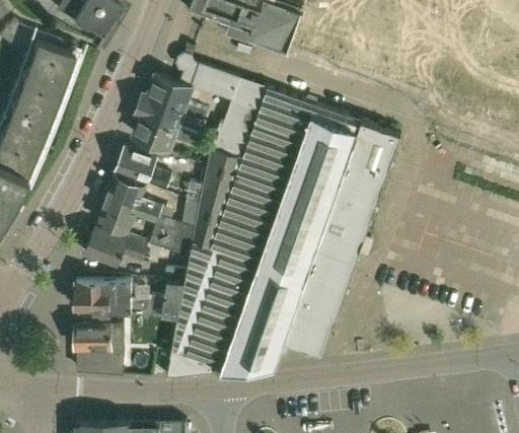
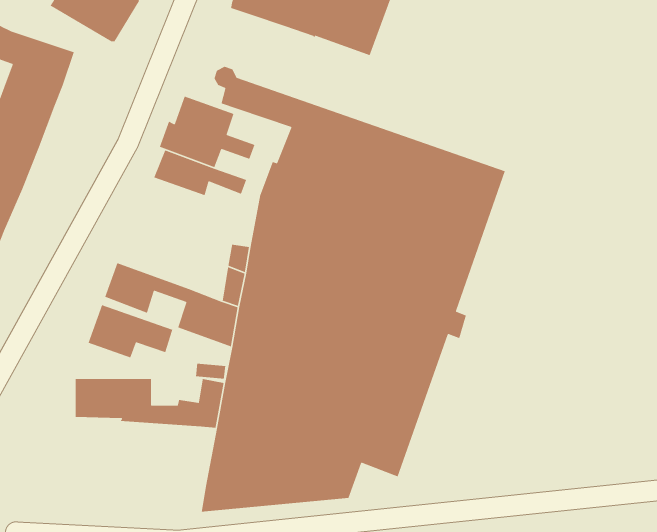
building: [117,147,172,191] -> none
building: [107,177,163,217] -> none
building: [76,317,133,370] -> none

